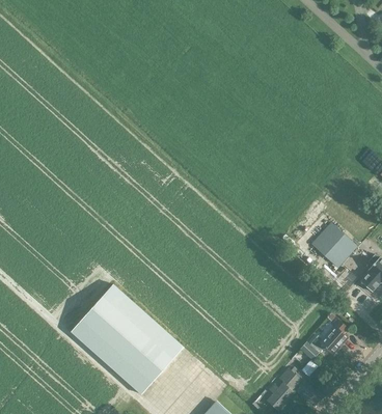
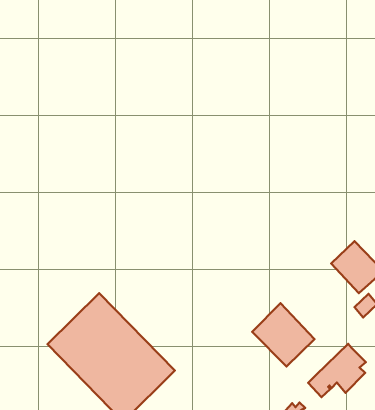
building: none -> [252,303,315,367]

